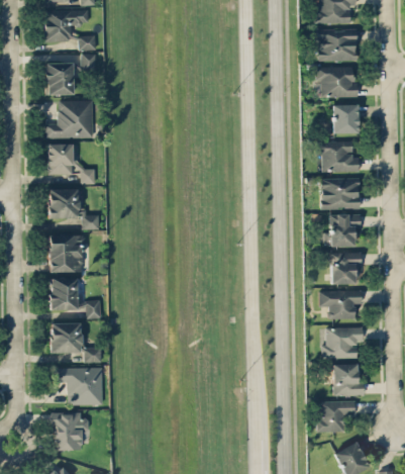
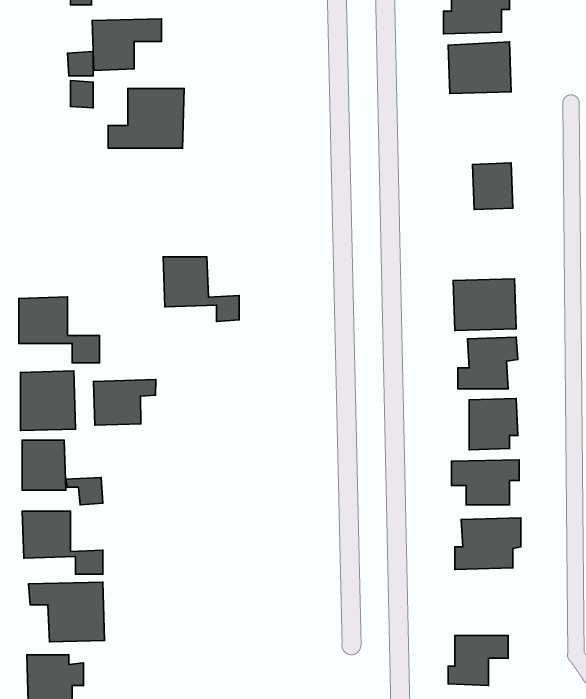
building: [44,10,88,42] -> [92,19,162,71]
building: [46,64,73,95] -> none
building: [316,67,358,98] -> none
building: [45,101,93,138] -> [108,88,184,148]
building: [317,141,359,173] -> none
building: [47,145,95,185] -> [163,257,239,321]
building: none -> [94,379,156,425]
building: [333,364,364,396] -> none

